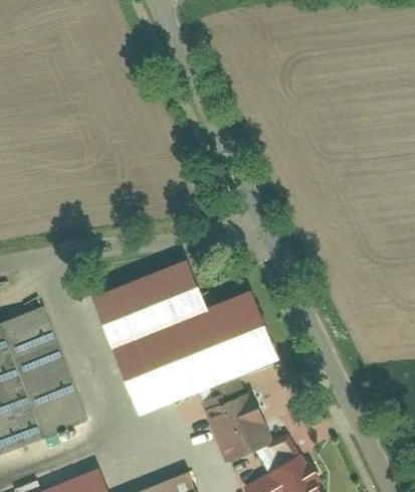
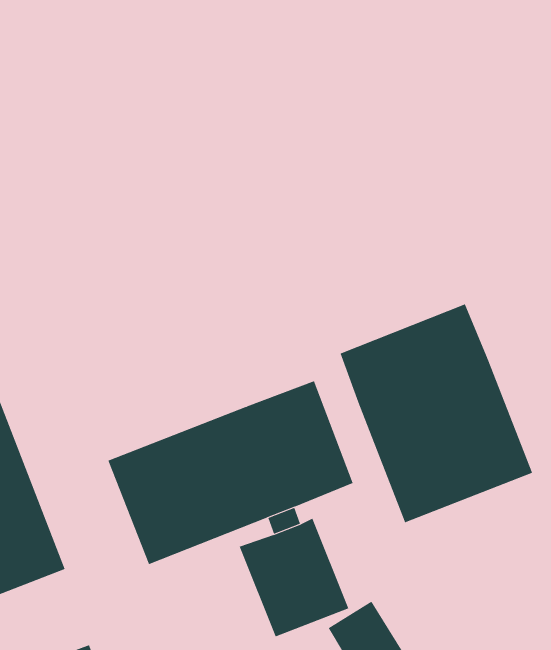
building: none -> [340,303,533,523]
building: [93,262,205,346] -> none

